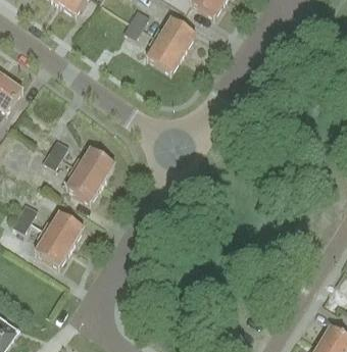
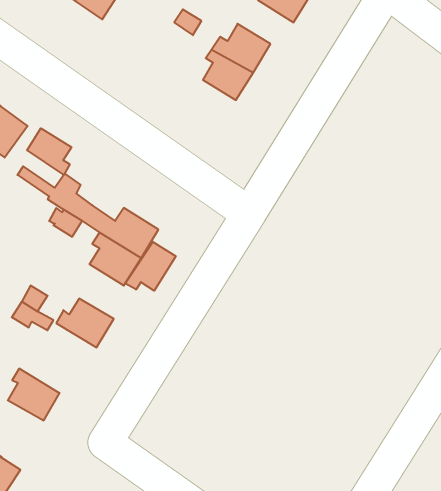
building: none -> [27,128,71,175]
building: none -> [125,242,176,291]
building: [36,231,72,267] -> [8,369,60,420]

